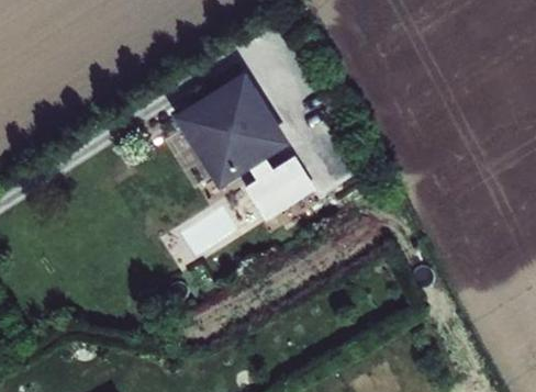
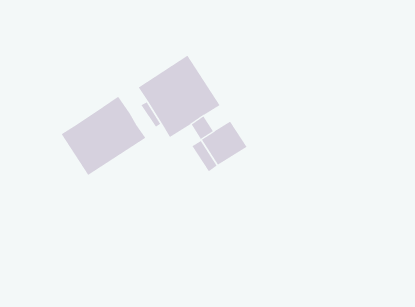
building: none -> [61,96,146,176]

